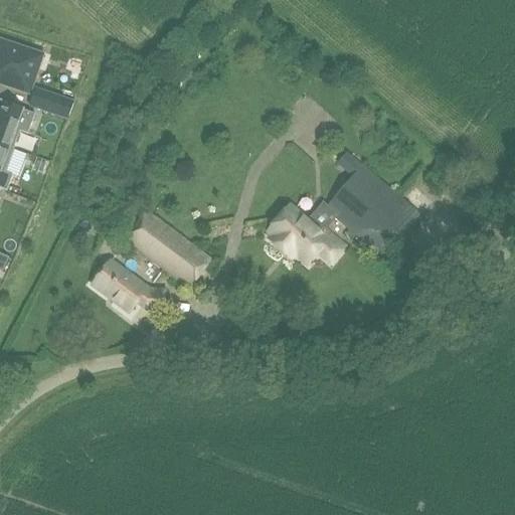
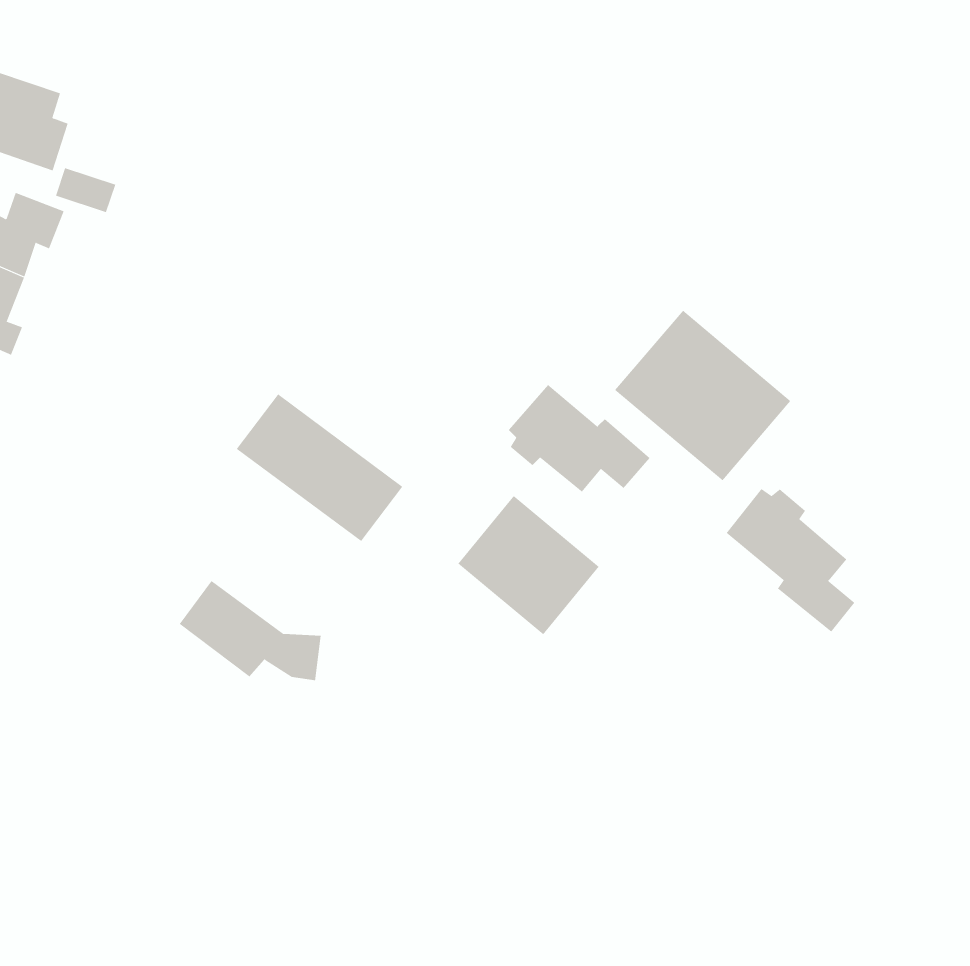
building: none -> [726,488,855,633]
building: [93,259,168,312] -> [179,580,322,681]
building: none -> [457,495,600,635]

